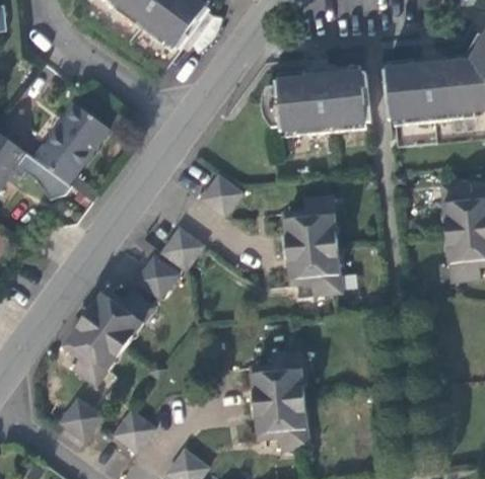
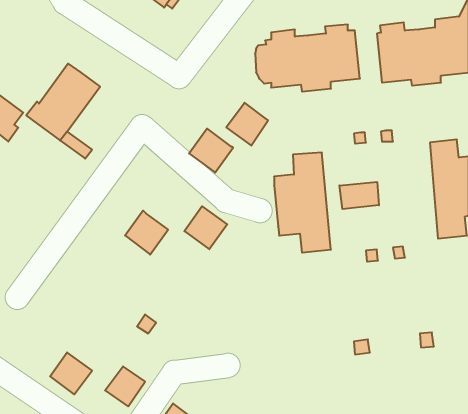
building: none -> [226,103,268,146]
building: none -> [339,182,379,209]
building: [159,226,203,269] -> [184,206,227,249]
building: [66,291,153,386] -> none
building: [251,350,308,452] -> none

